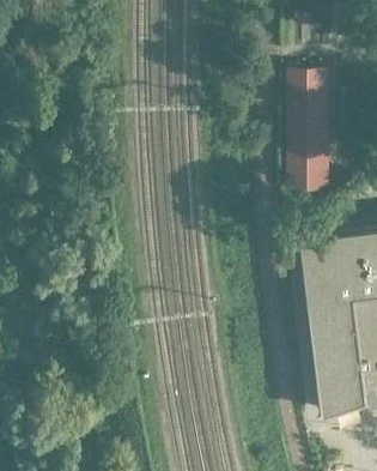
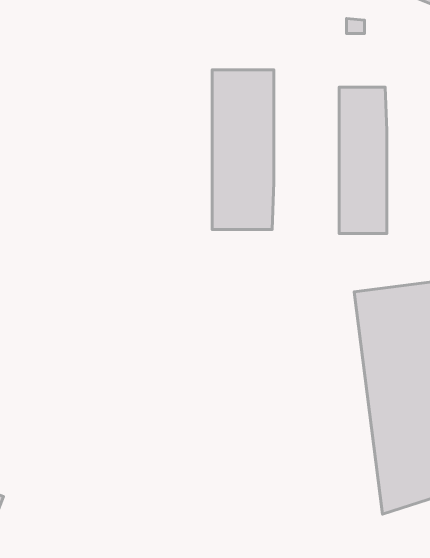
building: none -> [212,70,274,230]

